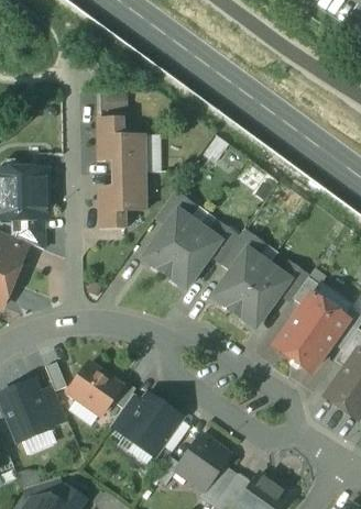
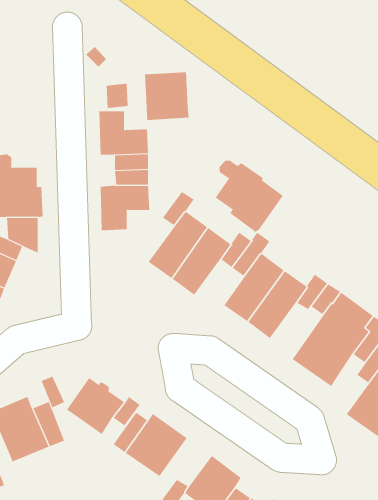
building: none -> [144,71,189,121]
building: none -> [215,160,283,233]

